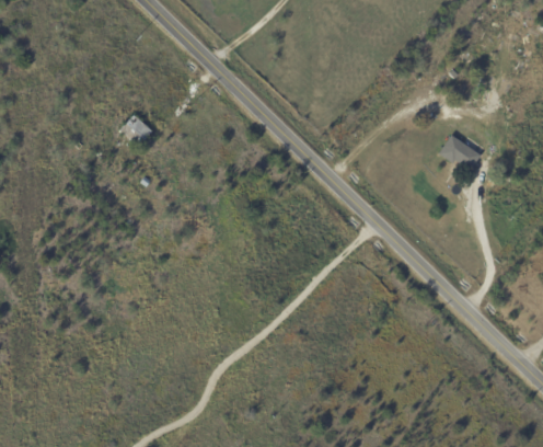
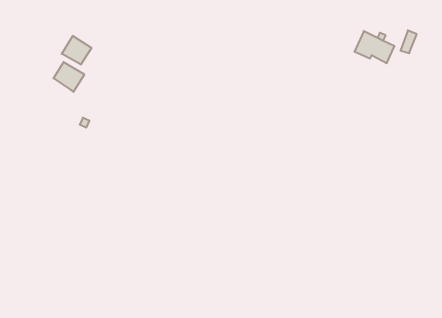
building: none -> [62,36,91,65]

